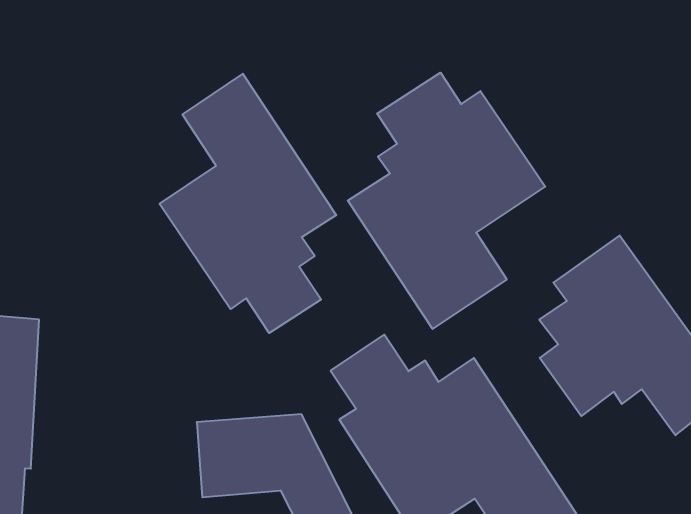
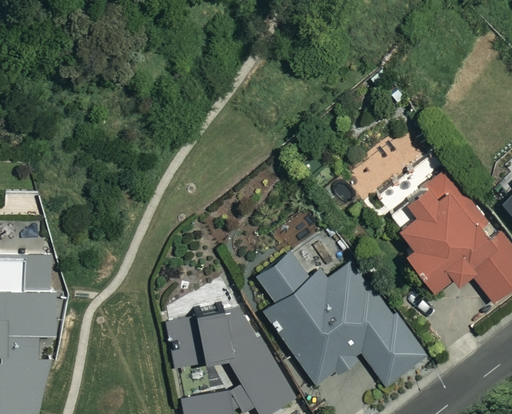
building: [348,73,545,329] -> none
building: [160,74,336,333] -> none

